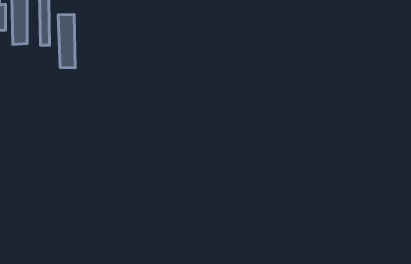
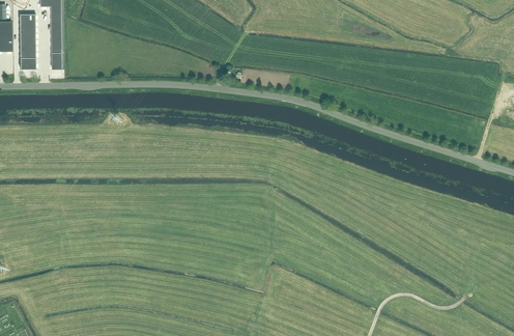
building: [58,14,75,68] -> none

